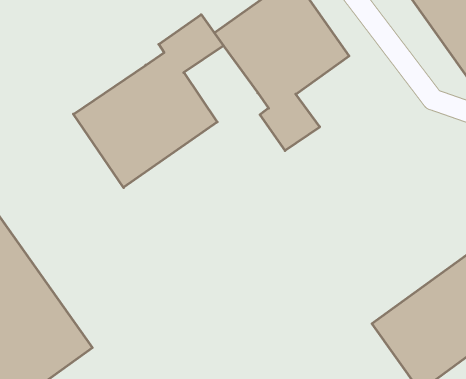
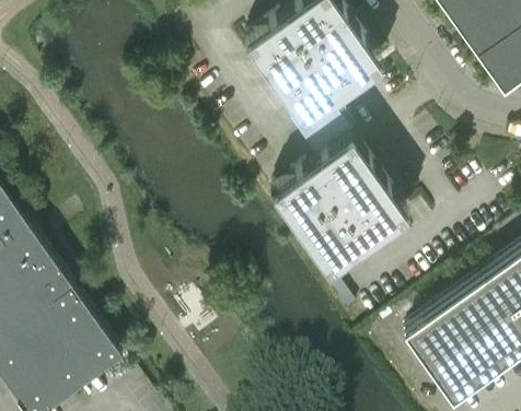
building: [73,15,223,188] -> none
building: none -> [269,136,405,271]

